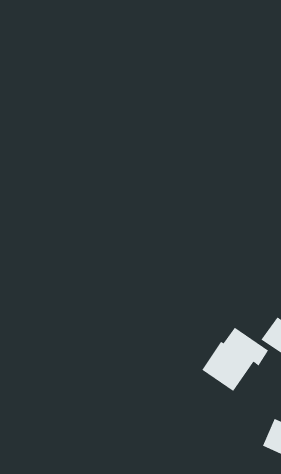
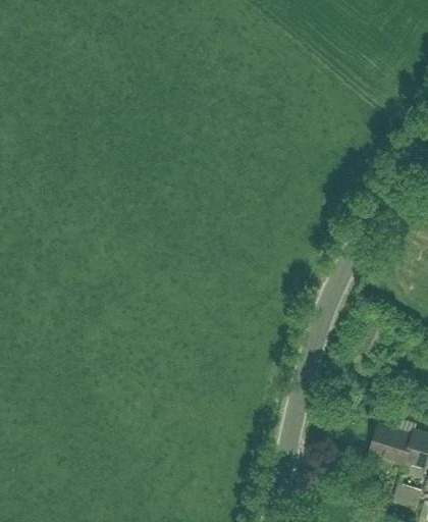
building: [202,327,269,392] -> none

